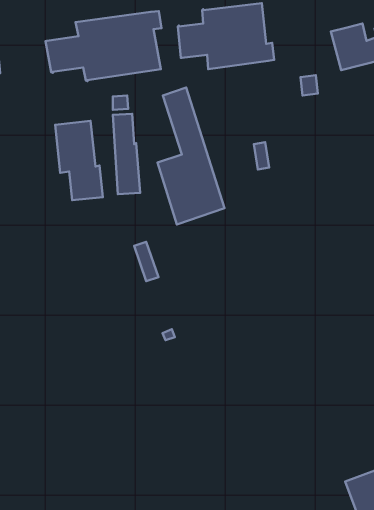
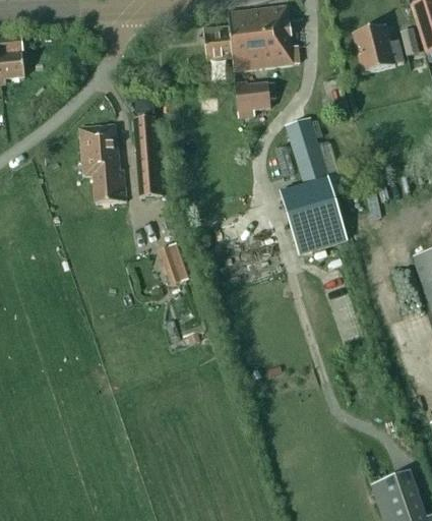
building: [45,11,161,81] -> none
building: none -> [237,83,277,120]
building: [158,87,225,224] -> [282,119,349,256]

